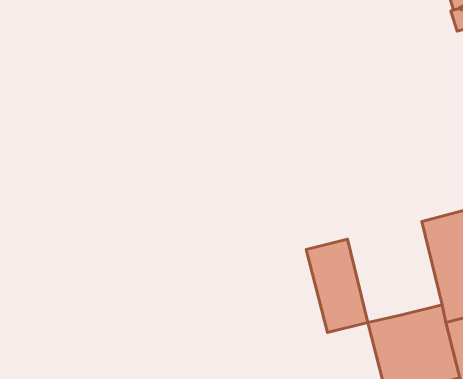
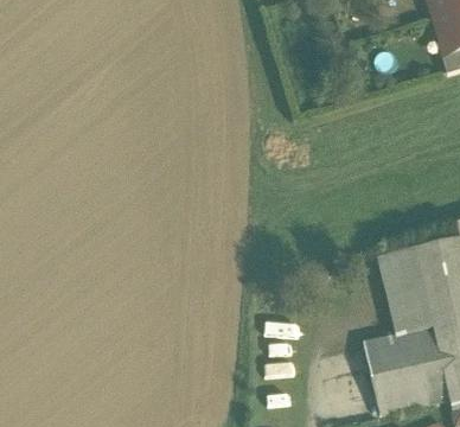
building: [306,239,368,333] -> [375,247,433,334]

